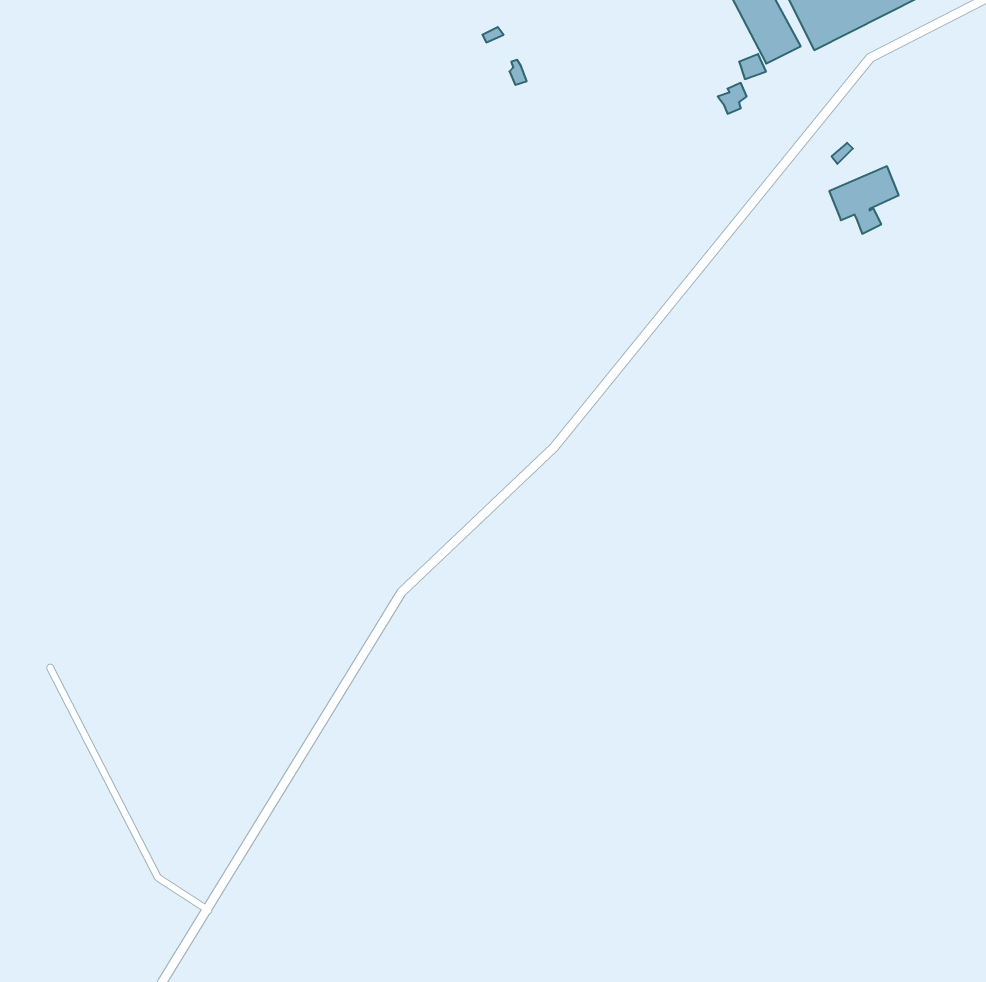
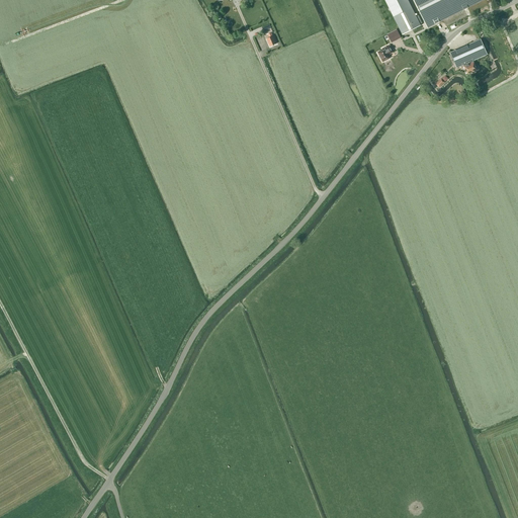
building: [829,166,899,234] -> [450,37,487,73]

